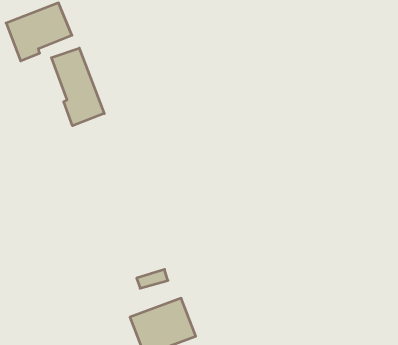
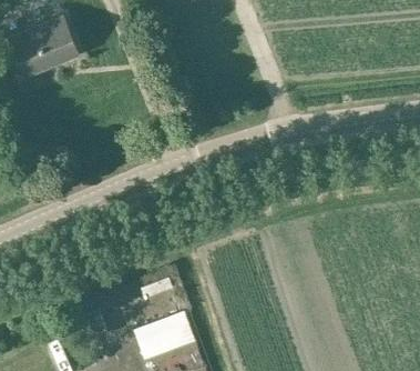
building: [51,48,104,126] -> none

